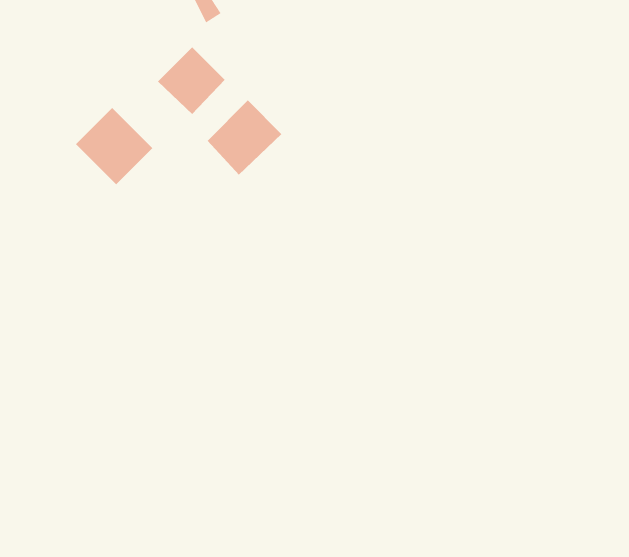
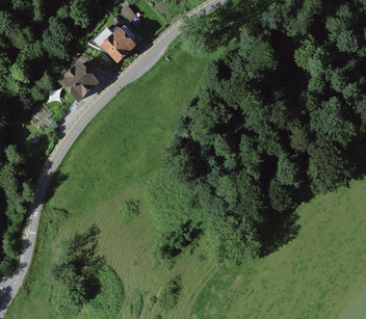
building: [207,100,282,175] -> none

